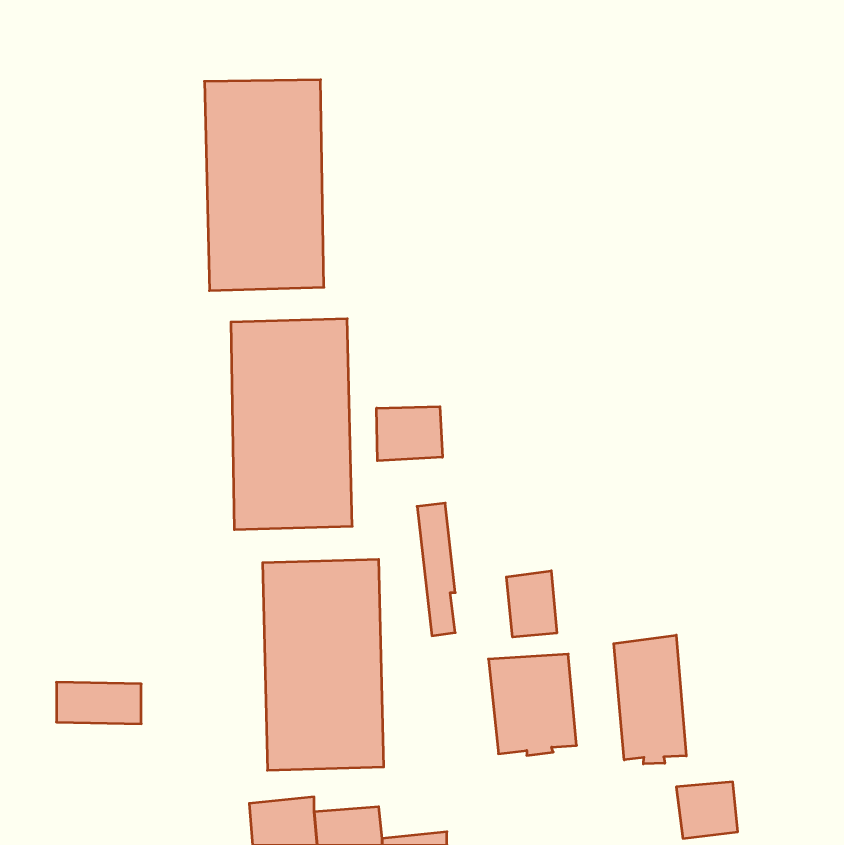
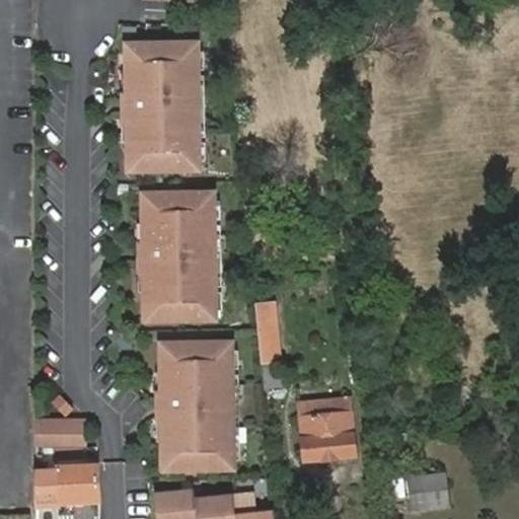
building: [377,407,442,461] -> none
building: [506,571,557,637] -> none
building: [614,635,686,764] -> none
building: none -> [34,466,97,504]

